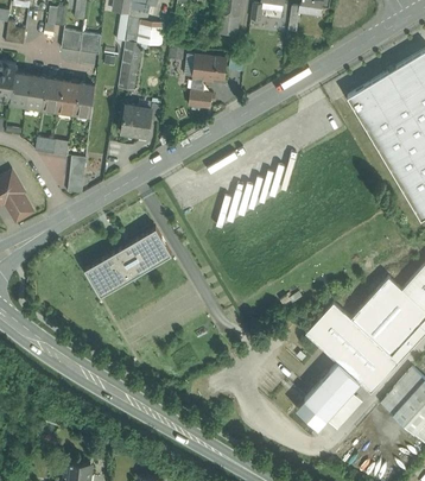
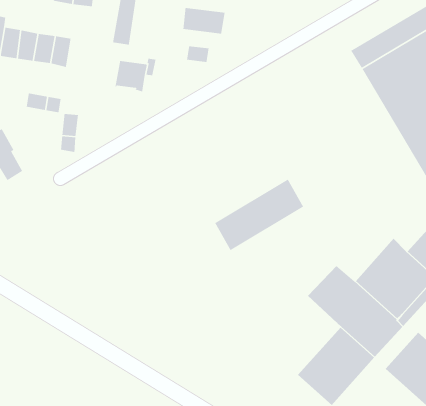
building: [74,84,95,115] -> none
building: [84,227,171,297] -> [214,178,304,251]

